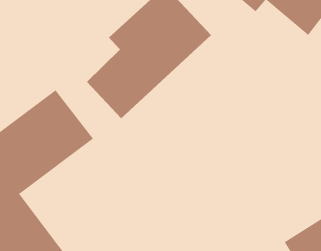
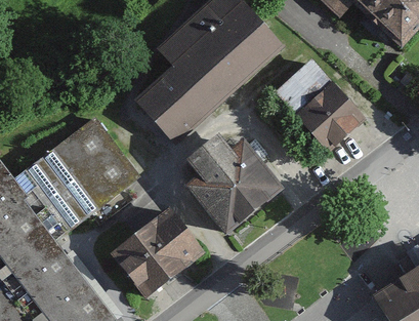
building: none -> [271,62,367,158]
building: none -> [184,129,285,236]
building: none -> [110,207,204,298]

